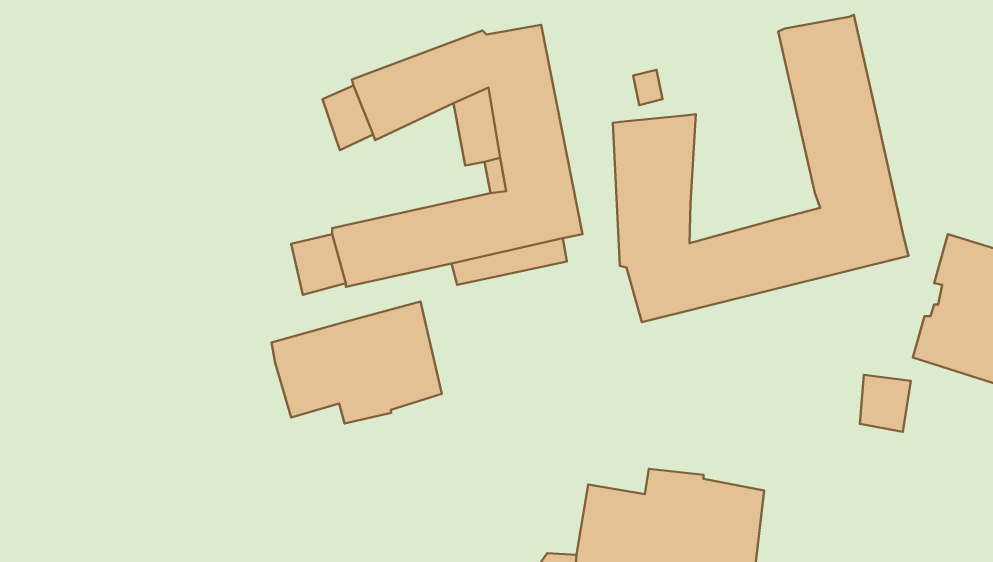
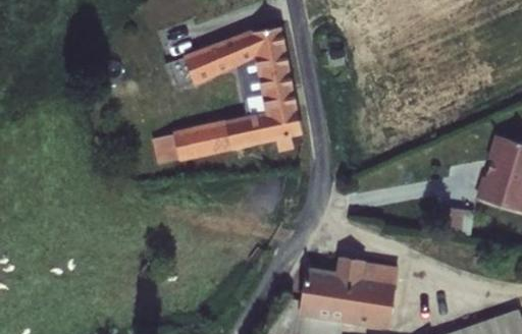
building: [613,15,908,322] -> none
building: [271,302,442,424] -> none

